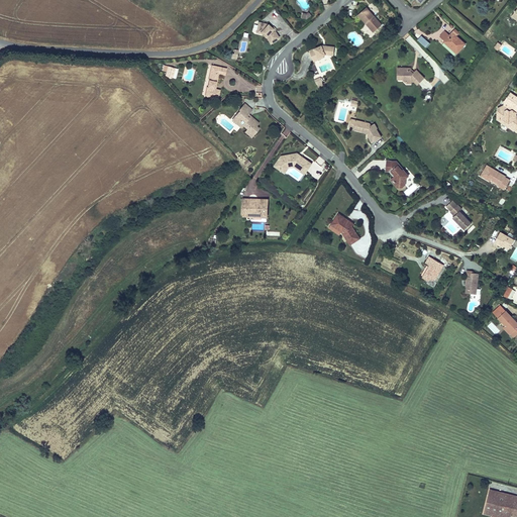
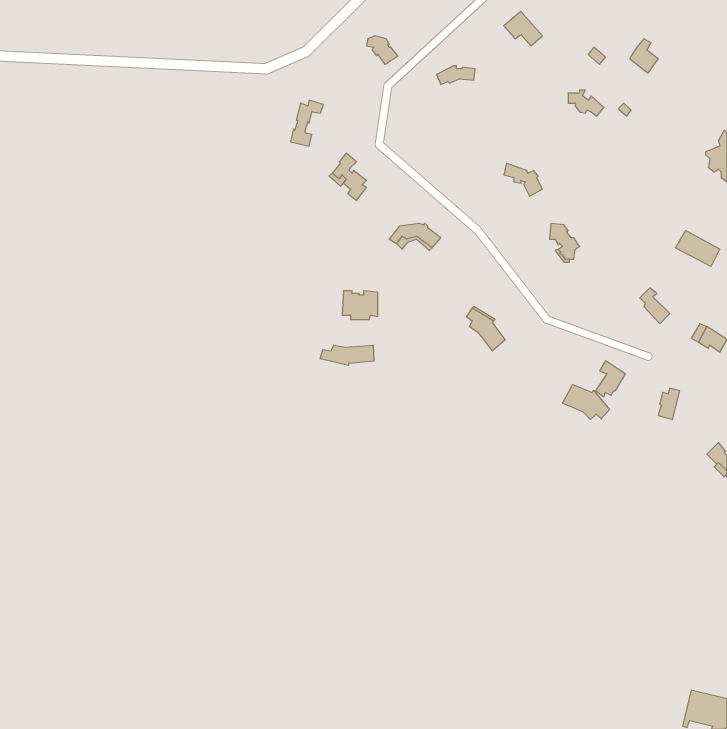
building: none -> [320,345,374,365]
building: none -> [563,385,609,419]

